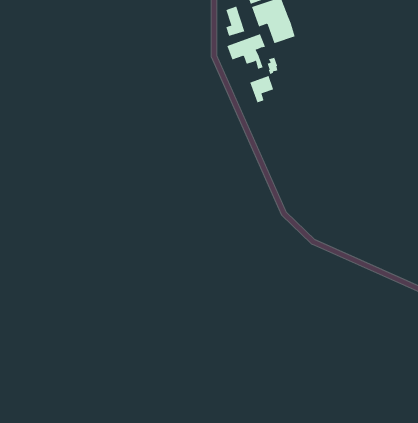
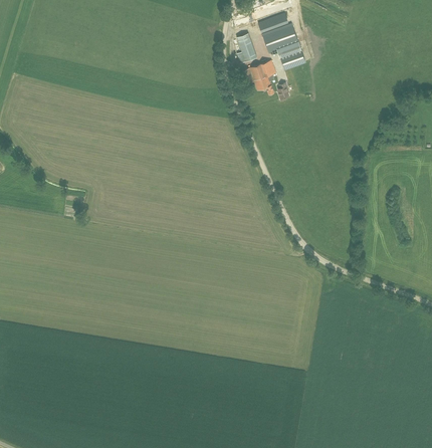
building: [249,75,274,103] -> none

